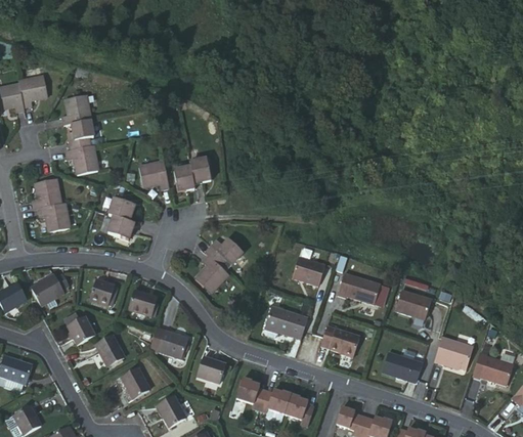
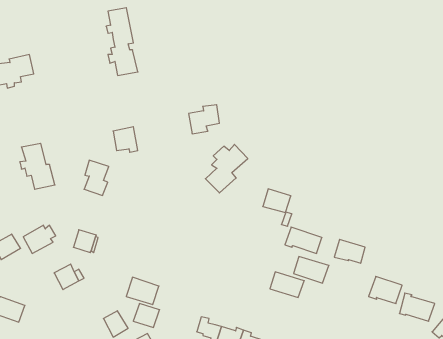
building: [61,92,98,171] -> [106,8,138,75]
building: [171,156,207,189] -> [189,105,219,134]
building: [192,236,242,293] -> [205,144,248,193]
building: [290,255,322,282] -> [263,189,291,213]
building: [133,292,162,317] -> none
building: [263,305,307,337] -> none
building: [100,337,129,367] -> none
building: [381,349,422,380] -> [294,257,329,283]
building: [201,359,231,387] -> [133,304,160,327]

